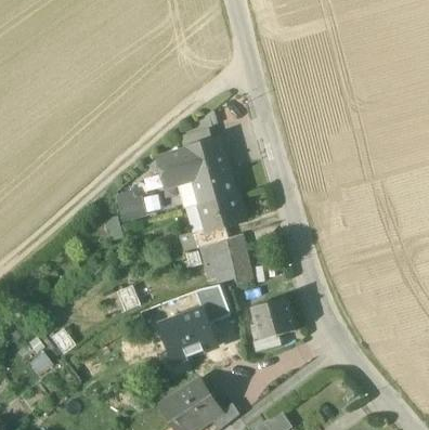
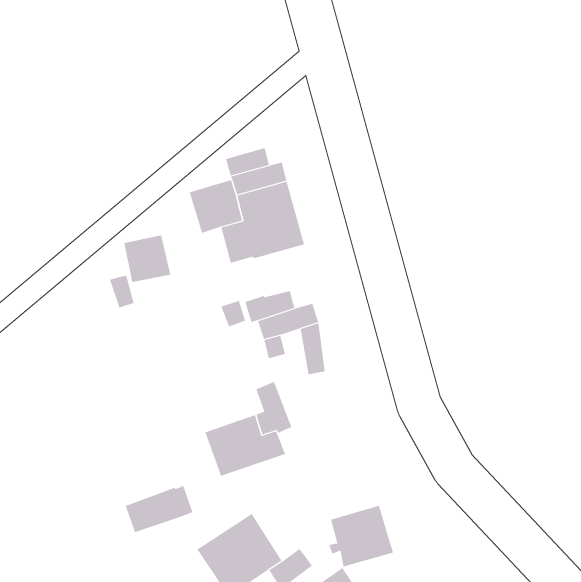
building: [200,195,246,232] -> none
building: [160,291,207,324] -> [125,485,193,533]
building: [250,299,295,341] -> [329,505,394,567]

